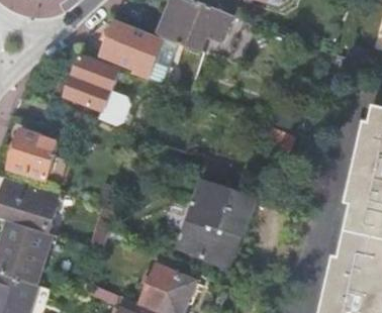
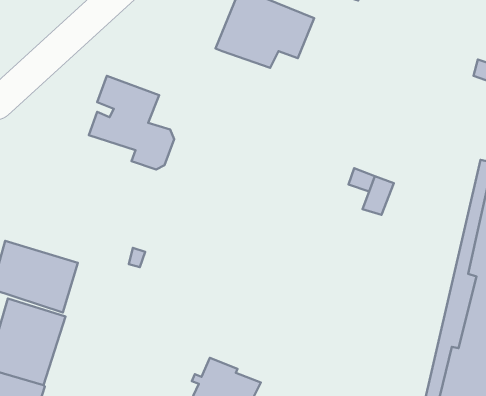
building: [102,20,175,84] -> none
building: [8,131,58,181] -> none
building: [177,179,258,269] -> none

